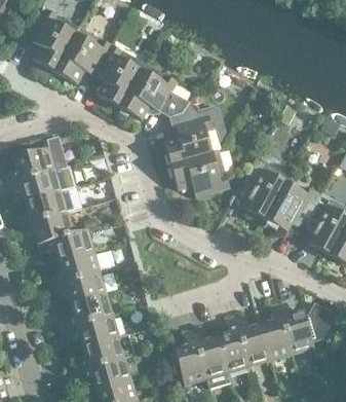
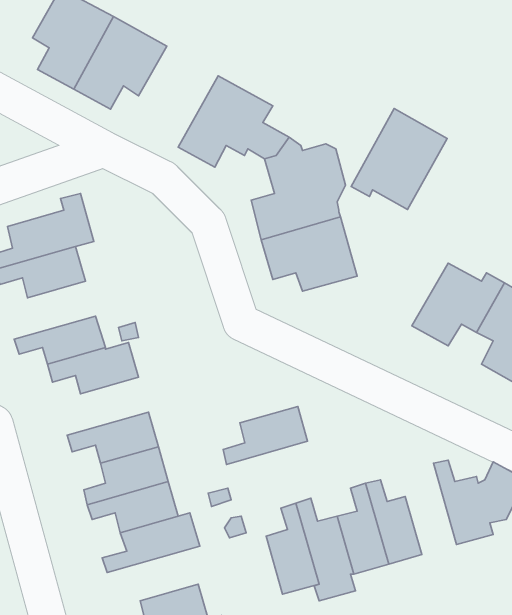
building: [94,44,144,107] -> none
building: [229,155,289,218] -> [351,109,447,210]
building: [14,190,68,226] -> none
building: [48,250,101,286] -> [223,406,308,464]
building: [260,303,292,360] -> none
building: [75,357,131,389] -> none

